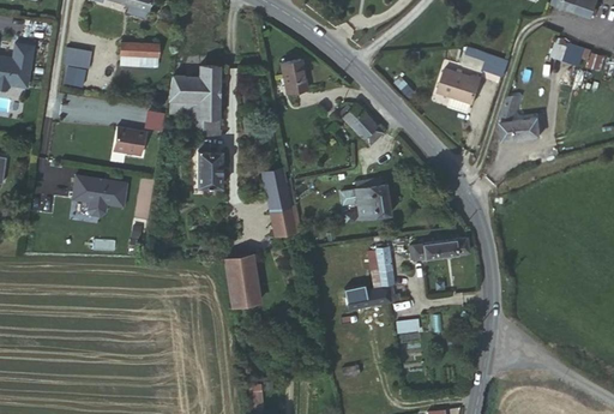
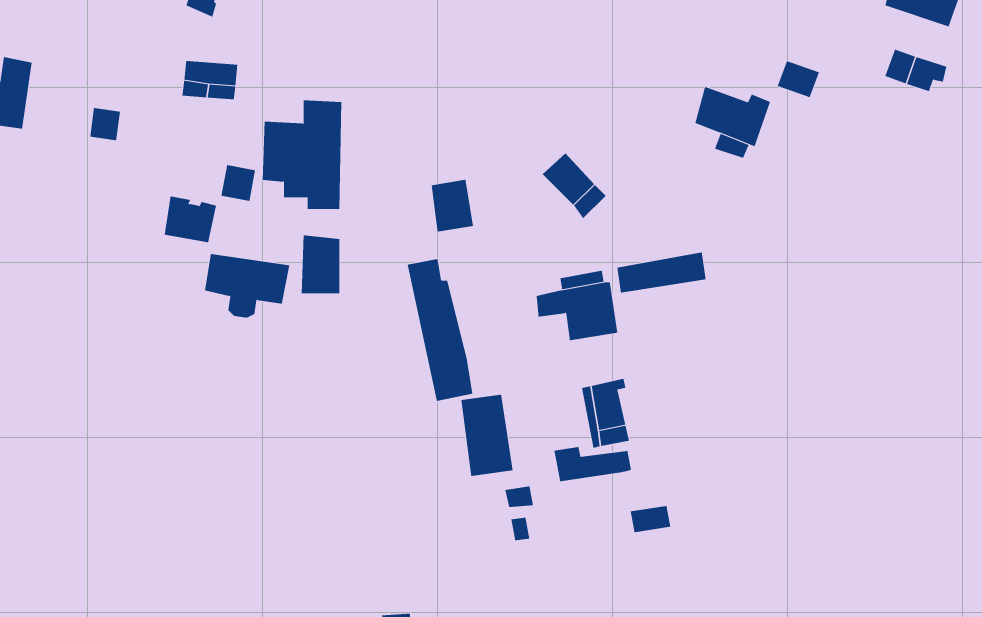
building: [65,48,92,74] -> none
building: [281,61,307,94] -> [431,179,474,232]
building: [498,97,538,143] -> none
building: [72,178,125,217] -> [204,253,290,318]
building: [415,233,470,258] -> [616,252,706,293]
building: [227,252,259,302] -> [461,394,513,476]

